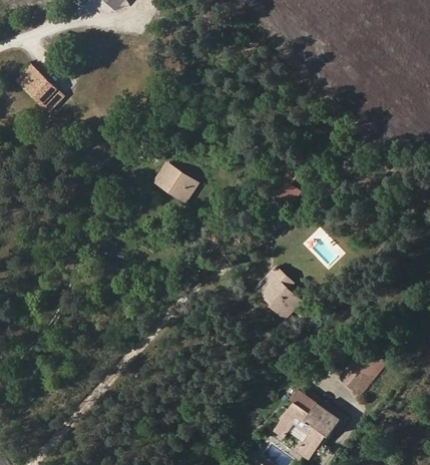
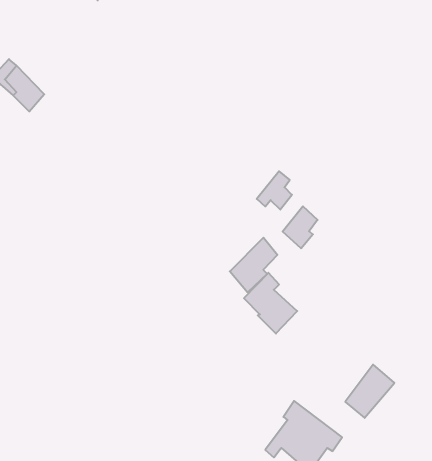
building: [150,161,196,202] -> none
building: none -> [283,206,318,248]
building: none -> [230,238,277,292]

